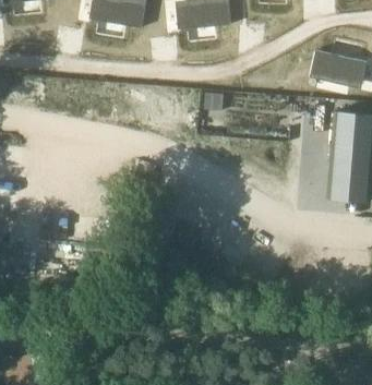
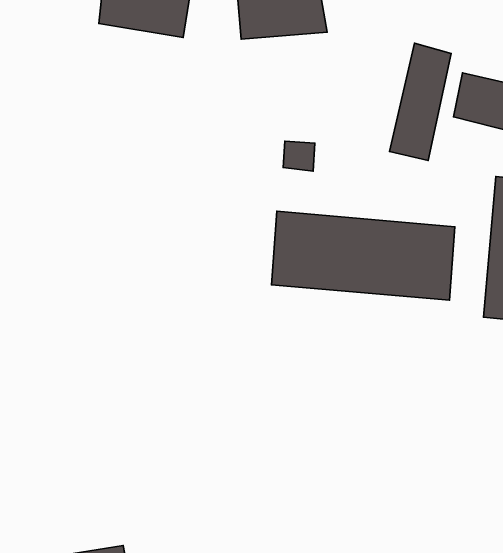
building: none -> [389,43,451,160]
building: none -> [271,211,455,300]

